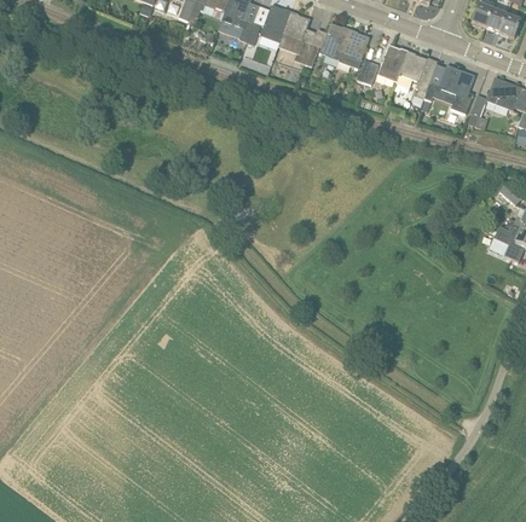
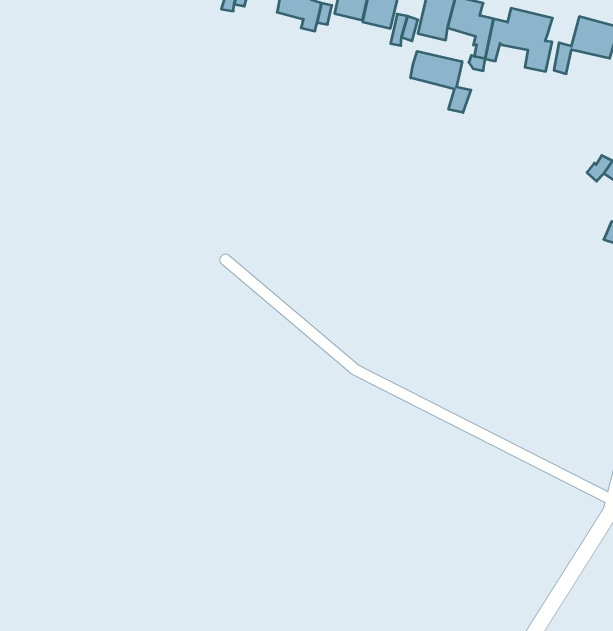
building: none -> [411,51,471,113]

